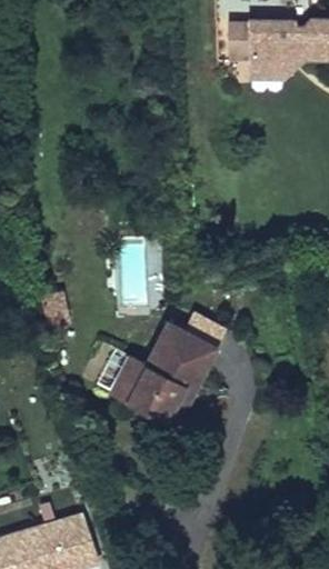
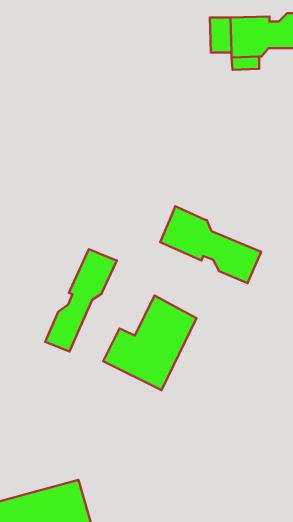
building: none -> [160,206,261,283]
building: none -> [45,249,117,352]

